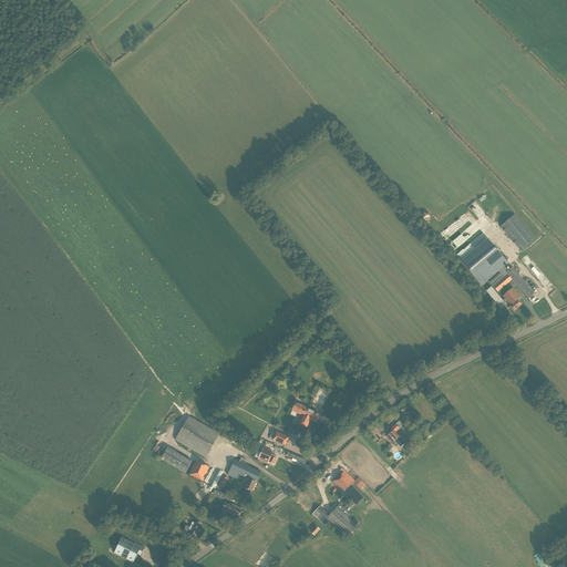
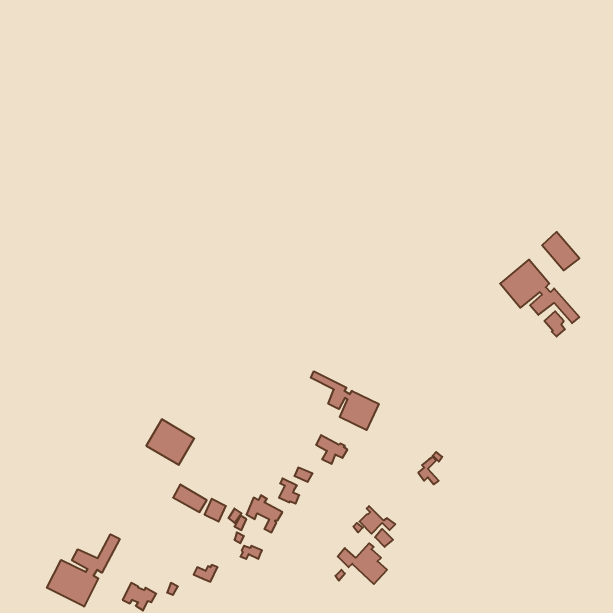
building: none -> [311,371,379,430]
building: [174,415,218,457] -> [146,419,194,465]
building: none -> [47,534,120,607]

